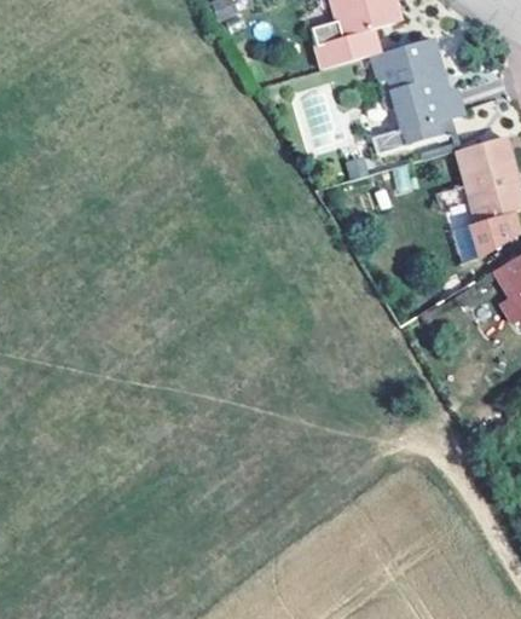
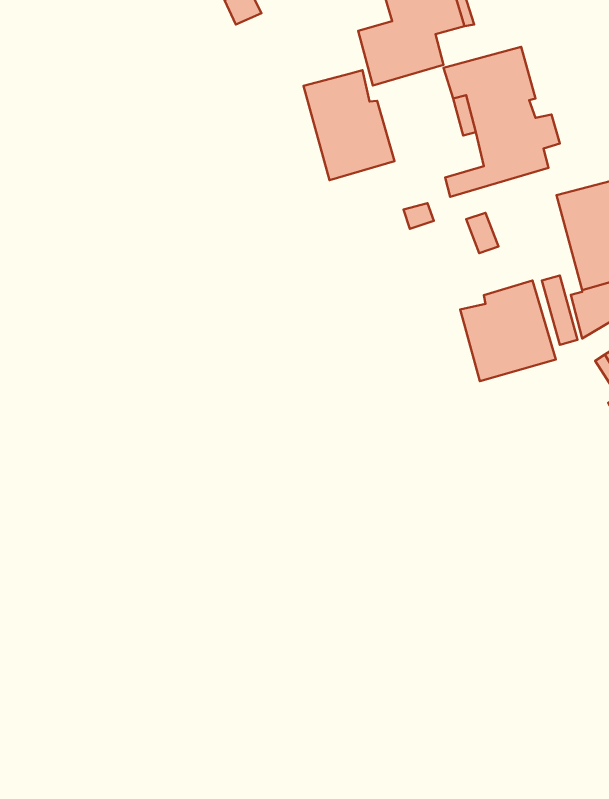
building: none -> [303,70,394,180]
building: none -> [460,280,556,381]

